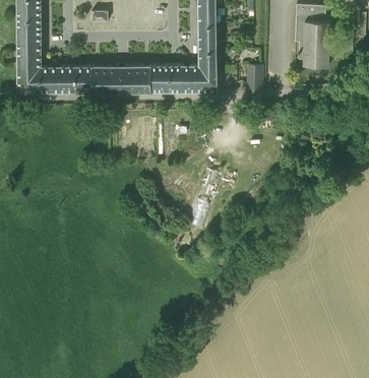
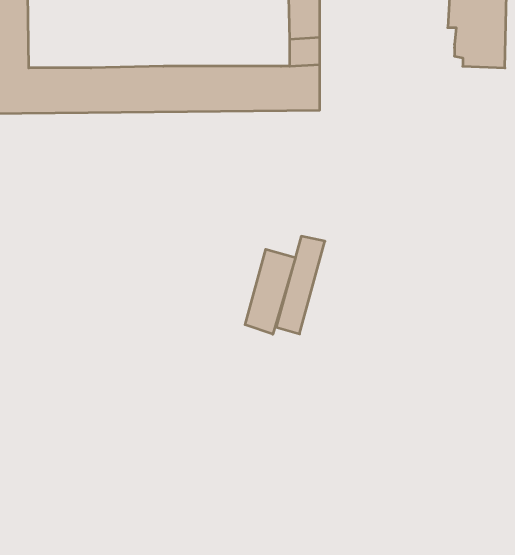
building: [246,64,262,91] -> none
building: none -> [245,249,295,334]

